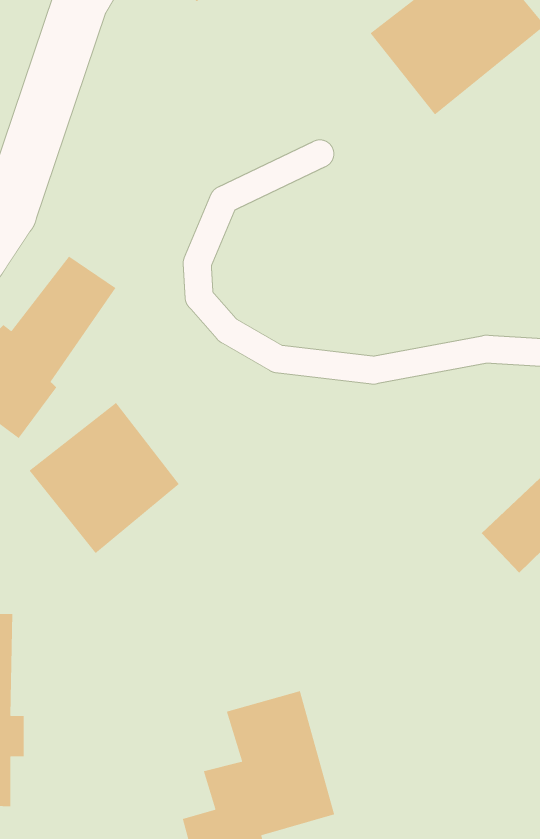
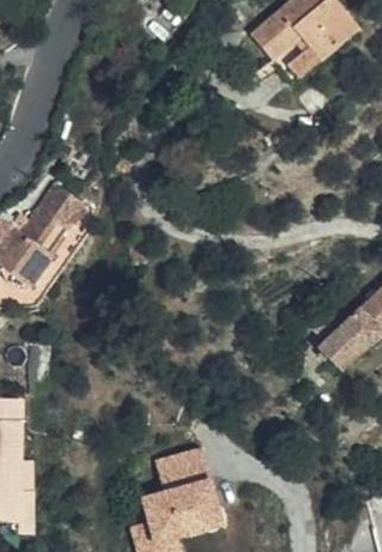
building: [29,402,180,554] -> none

